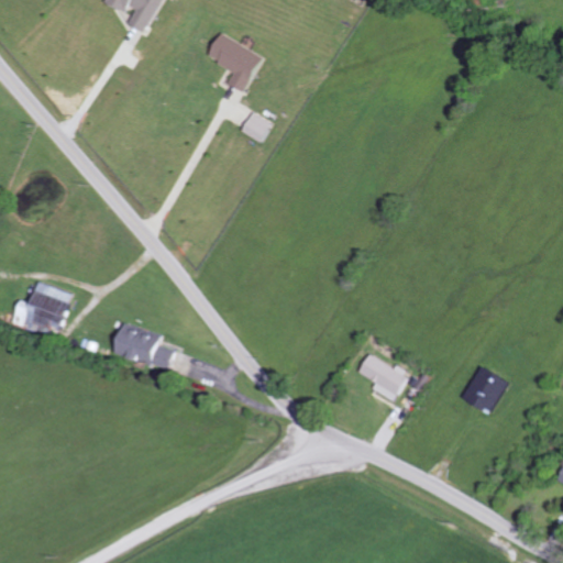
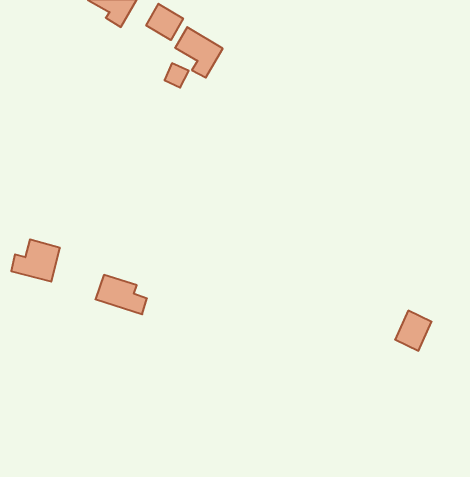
building: none -> [146,4,183,40]
building: [241,112,269,141] -> [164,63,189,88]
building: [357,353,407,400] -> none

